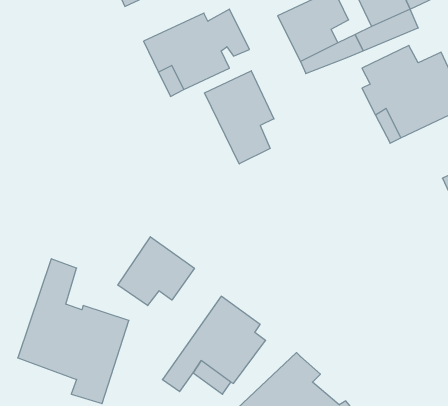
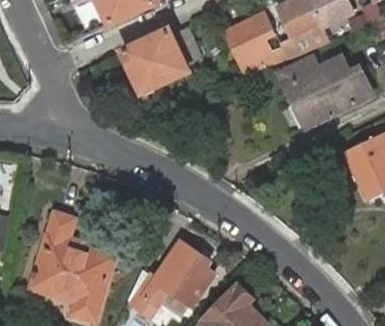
building: [205,71,274,164] -> none
building: [118,237,194,306] -> none

